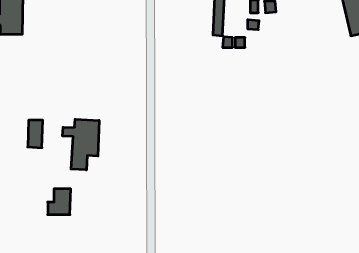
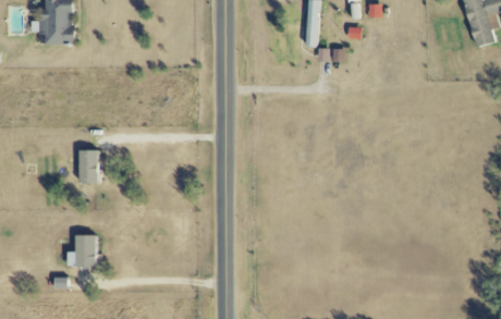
building: [63,119,99,170] -> none
building: [48,189,71,215] -> [68,235,96,267]

